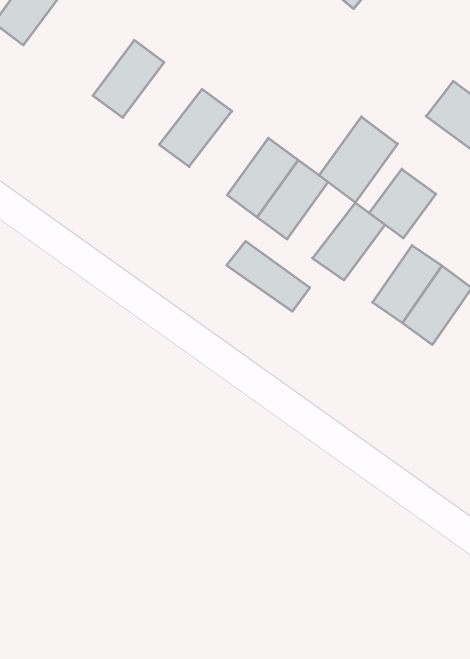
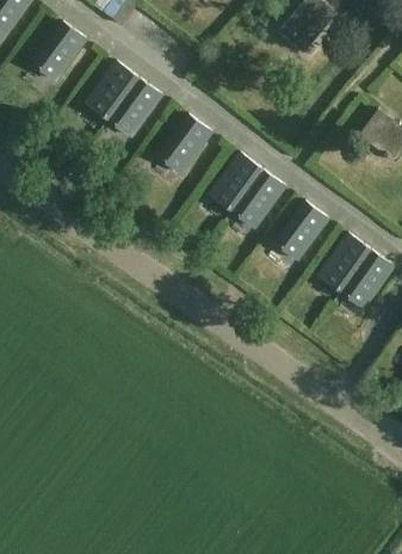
building: none -> [85,61,137,119]
building: [319,117,398,202] -> none
building: [369,169,436,238] -> none
building: [227,241,310,311] -> none

